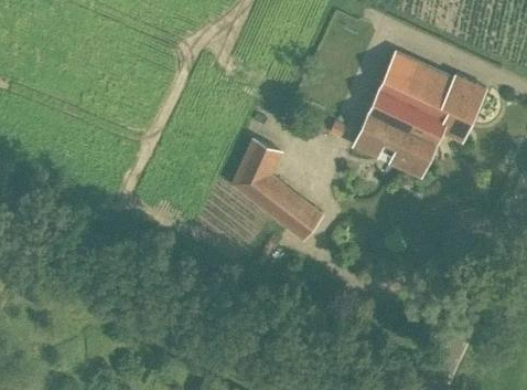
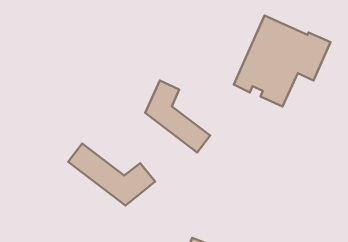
building: none -> [68,143,155,206]

